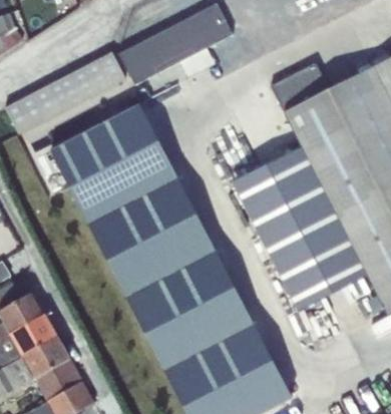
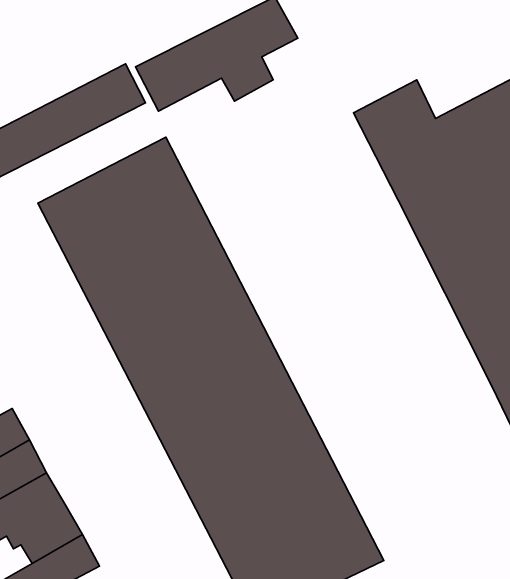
building: [232,146,367,311] -> none

